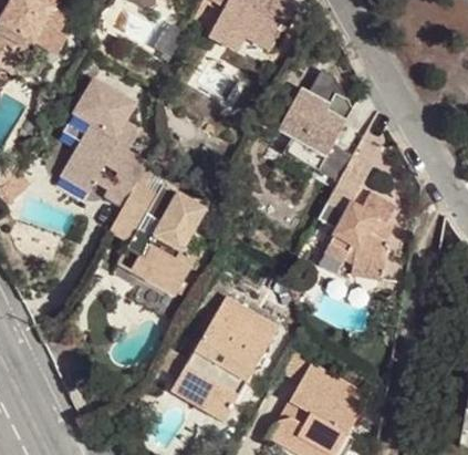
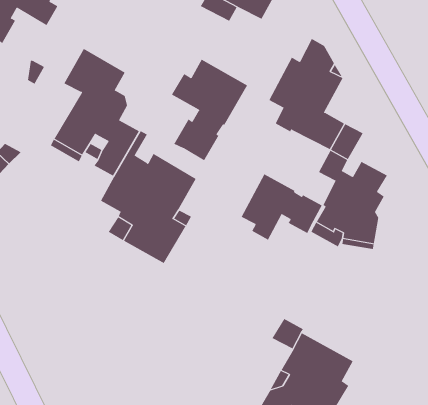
building: none -> [171,59,248,161]
building: none -> [241,174,323,241]
building: [170,294,279,421] -> none

